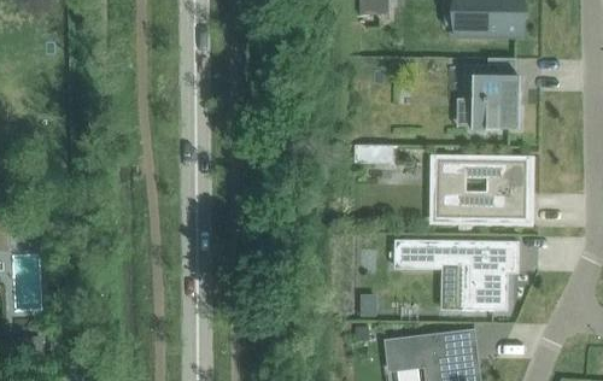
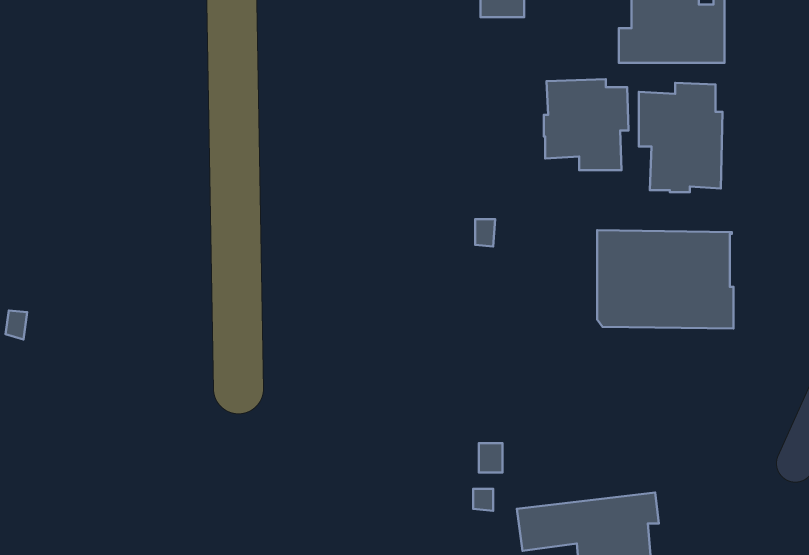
building: none -> [544,79,629,170]
building: [394,240,519,311] -> none

